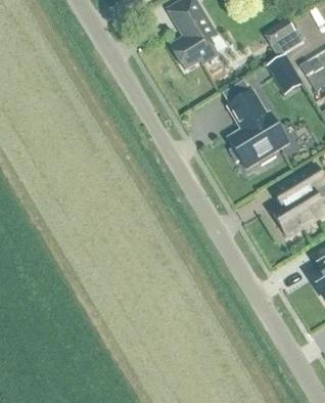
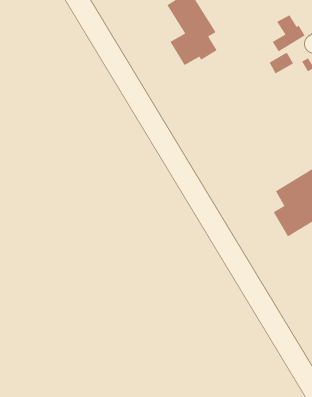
building: [228,90,287,166] -> none

